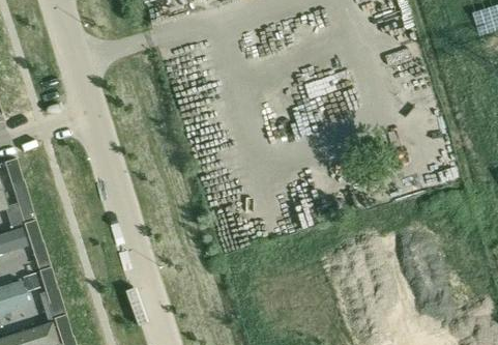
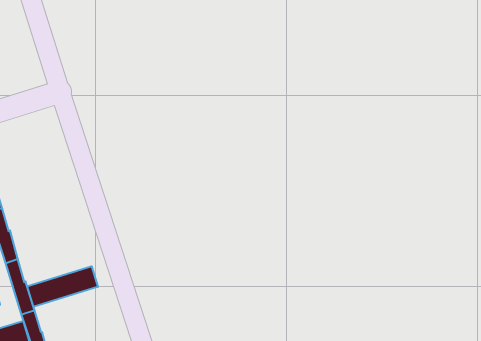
building: none -> [27,266,98,307]

